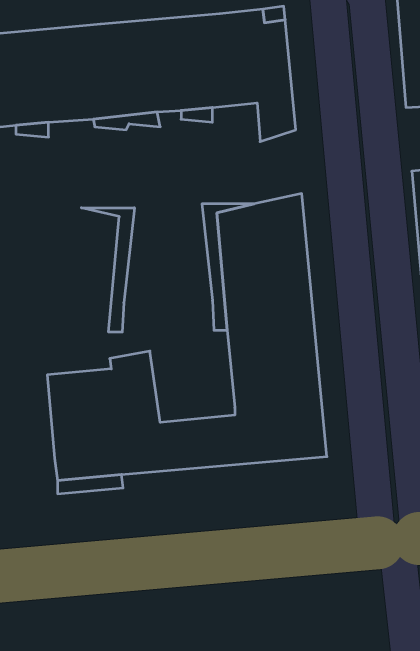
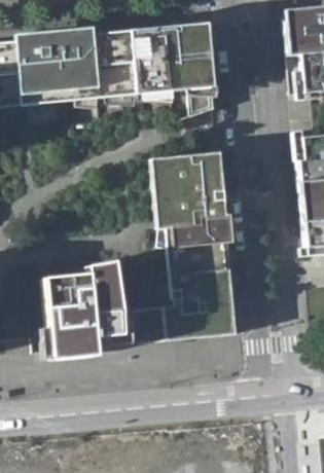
building: [81,208,134,332] -> none

